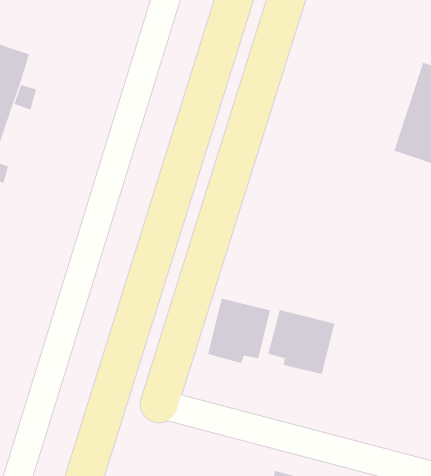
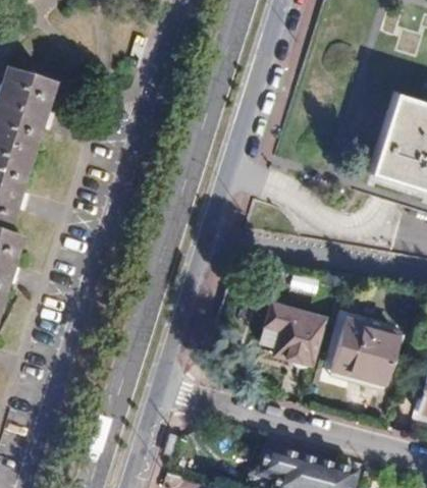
building: [207,298,270,364] -> none
building: none -> [334,318,399,382]

